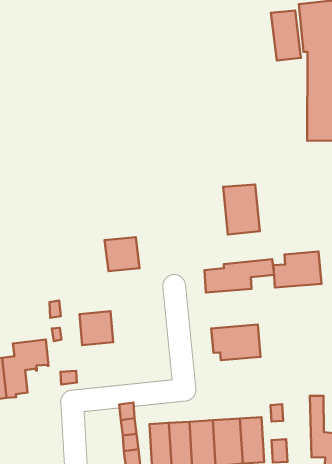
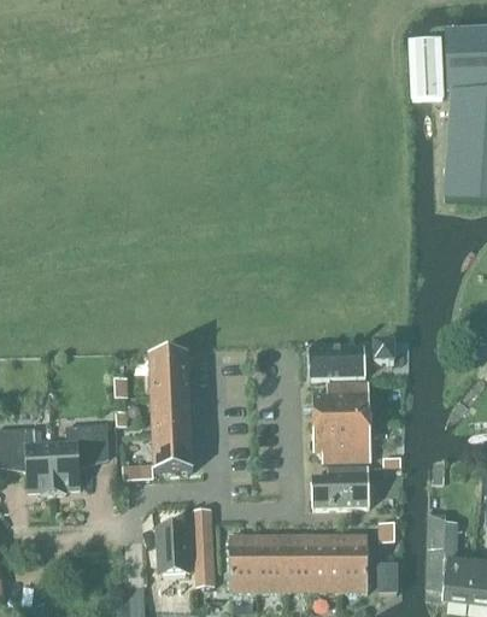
building: [223,184,260,234] -> none
building: [105,237,140,271] -> [148,354,189,394]
building: [274,252,322,287] -> [312,381,370,422]
building: none -> [152,431,193,471]
building: none -> [312,465,369,507]
building: none -> [157,524,189,572]

